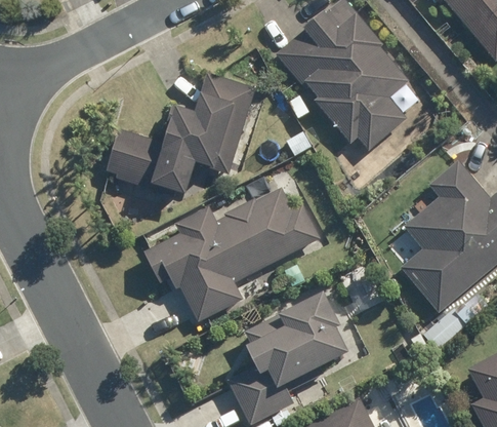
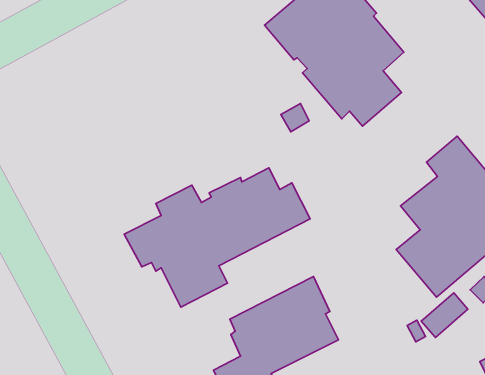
building: [107,74,254,196] -> none

